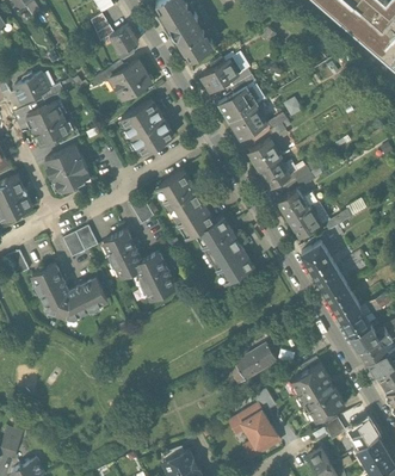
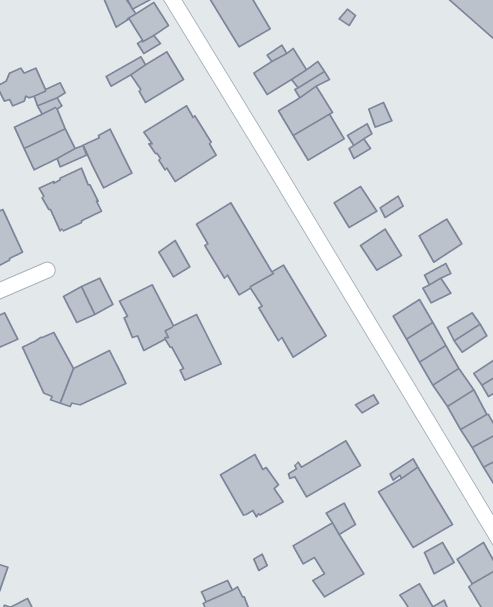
building: none -> [83,129,132,188]
building: [251,140,280,172] -> none
building: [290,209,321,240] -> [419,219,462,262]
building: none -> [220,455,283,517]

